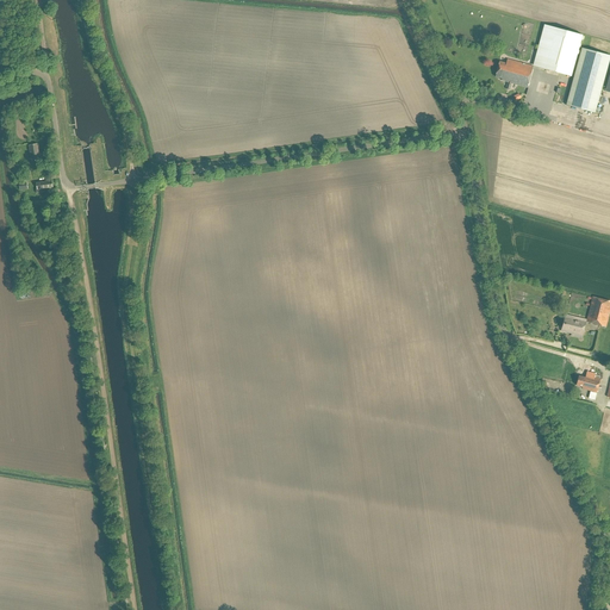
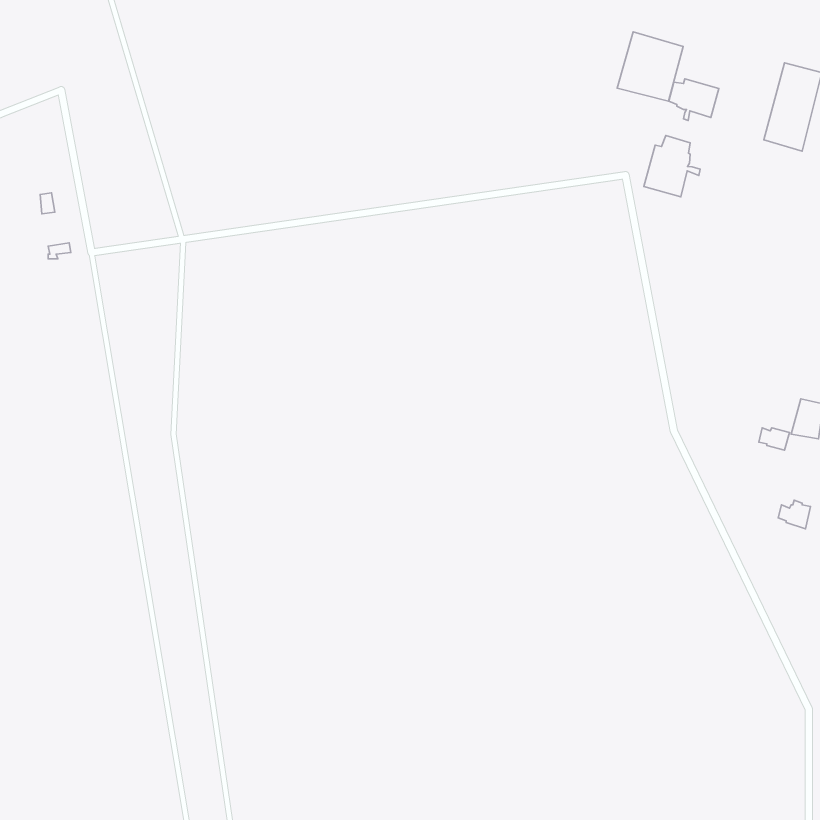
building: [534,24,583,75] -> [617,32,683,101]
building: none -> [644,135,700,197]

